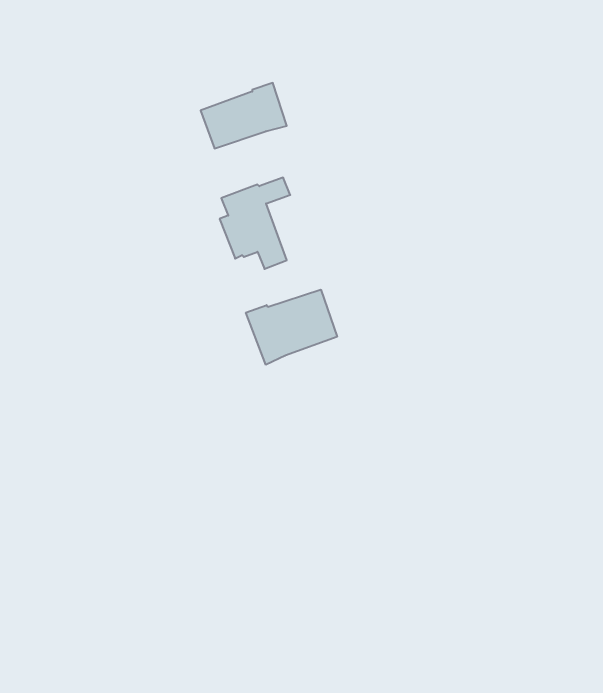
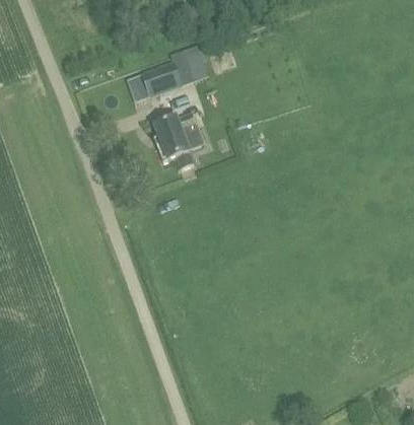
building: [246,290,337,365] -> none

